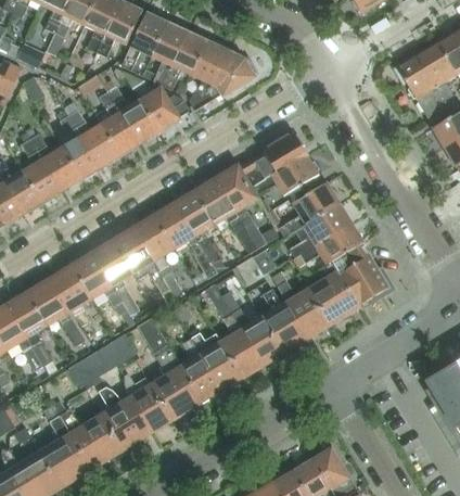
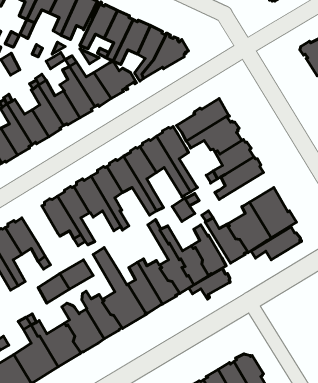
building: [299,224,362,265] -> [251,227,302,260]
building: [48,265,92,326] -> none
building: none -> [189,269,230,299]

